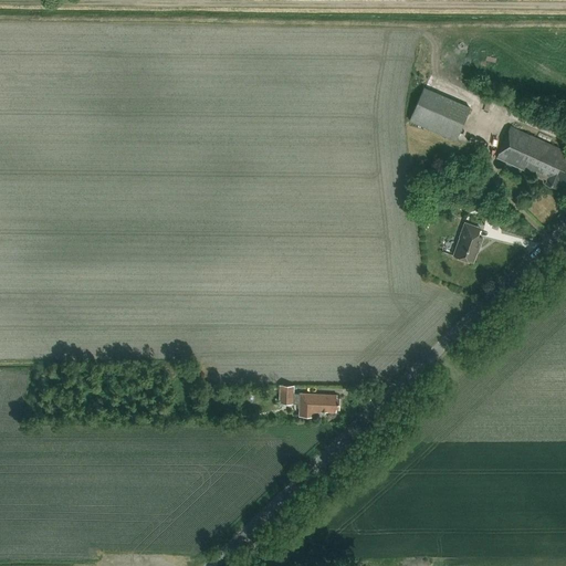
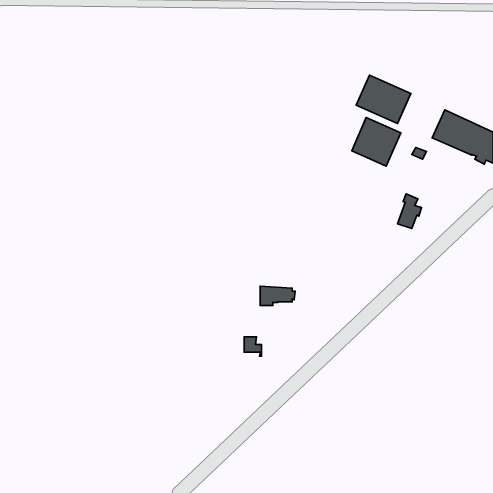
building: none -> [352,117,401,166]
building: [300,394,339,416] -> [260,286,295,306]

